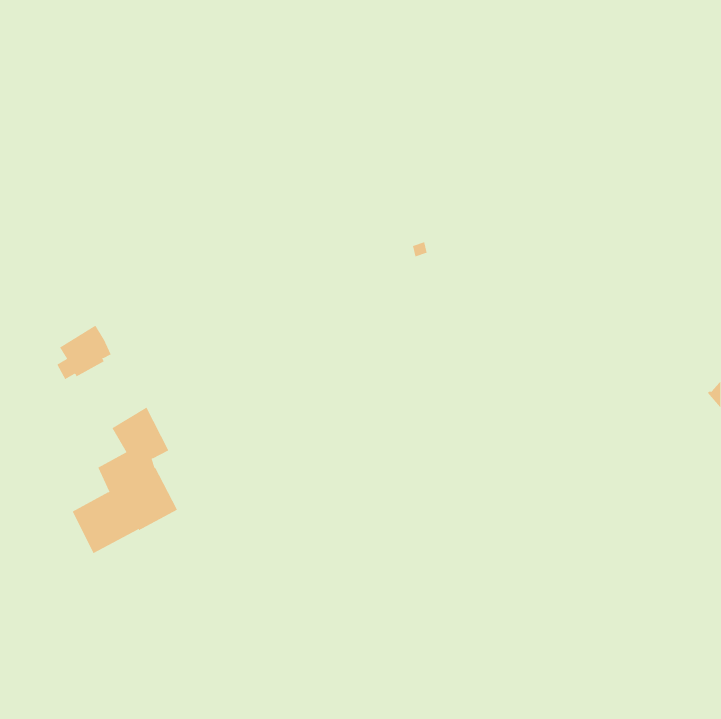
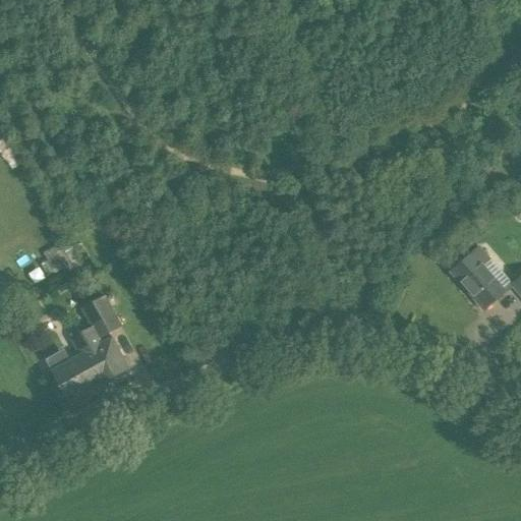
building: none -> [452,246,506,308]

